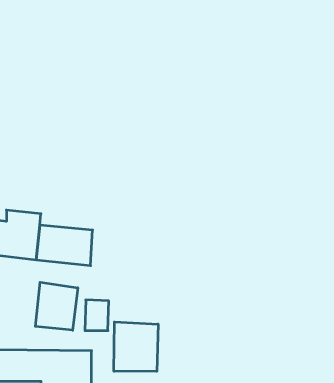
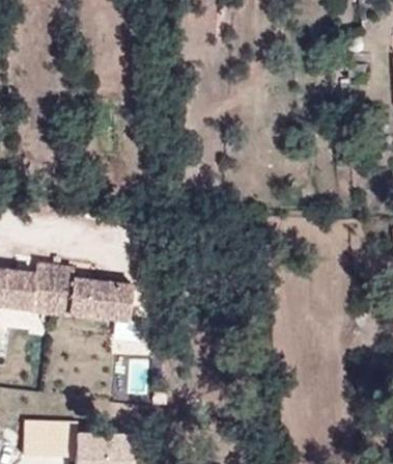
building: [35,282,78,330] -> none
building: [114,322,158,371] -> none

